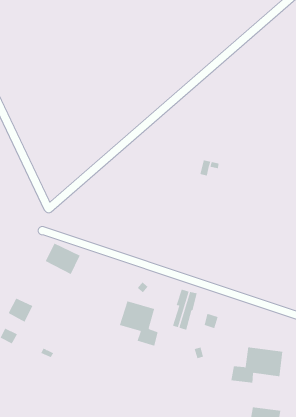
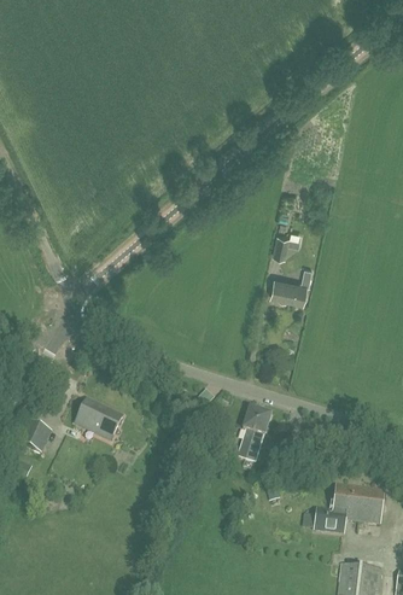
building: none -> [270,268,311,303]
building: [45,243,80,275] -> [75,398,122,441]
building: [119,300,158,347] -> none

